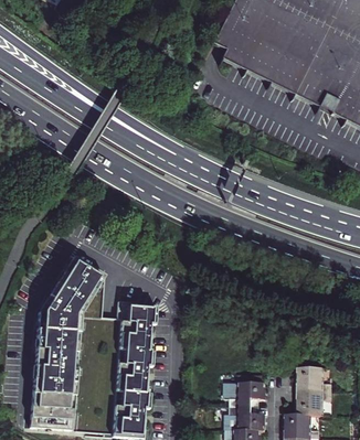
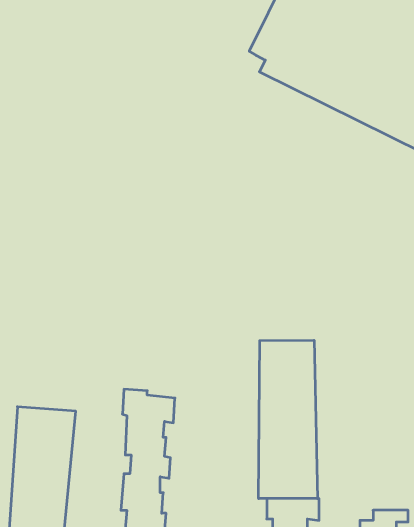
building: [36,255,105,314] -> none
building: none -> [259,340,317,499]
building: [296,366,332,389] -> none

